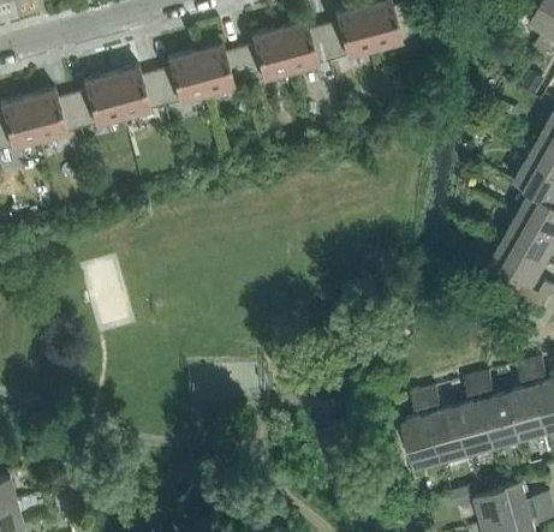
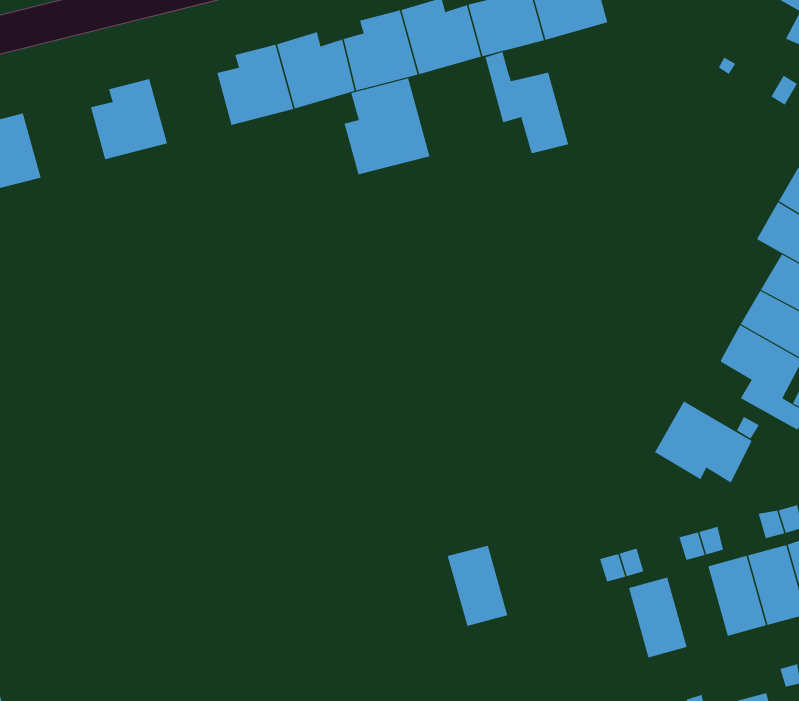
building: none -> [485,51,569,154]
building: [111,67,165,119] -> none
building: none -> [344,78,430,175]
building: [26,91,81,142] -> none
building: none -> [654,400,752,483]
building: [455,400,495,454] -> none
building: [401,414,442,468] -> [447,545,508,626]

